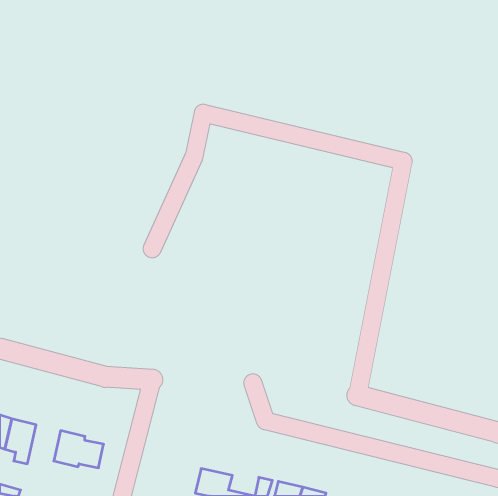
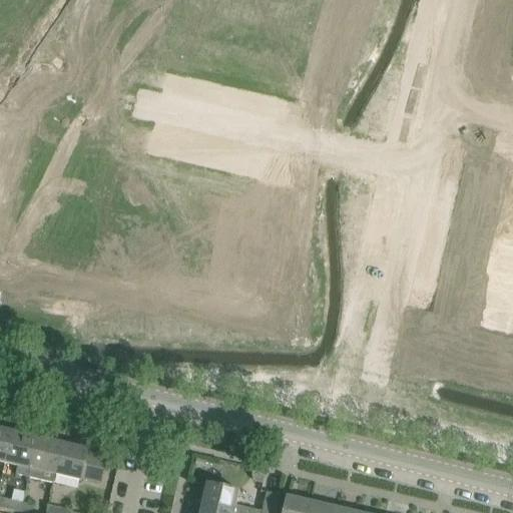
building: none -> [28,436,62,482]

